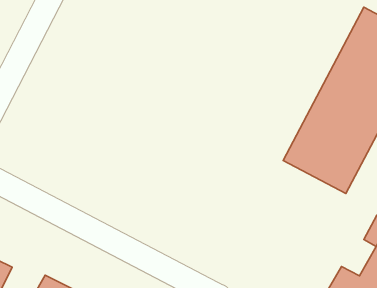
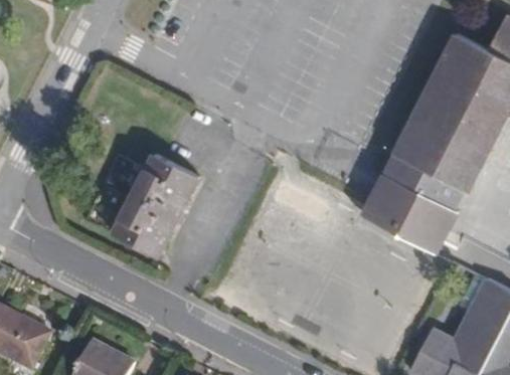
building: none -> [115,153,200,255]

